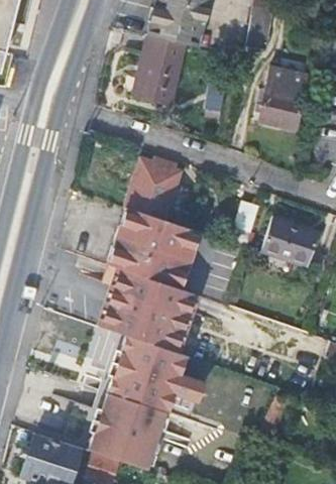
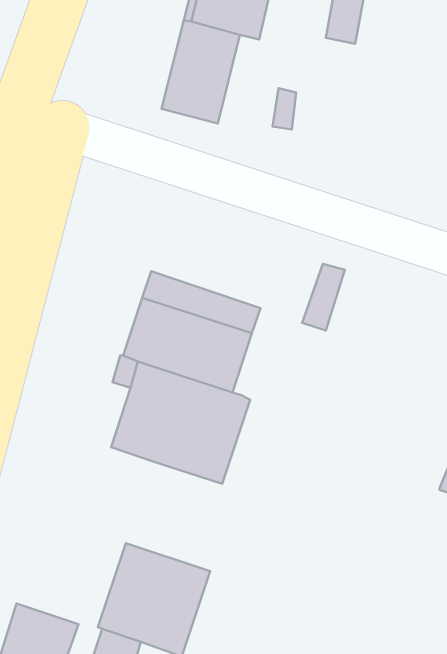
building: [258,69,307,129] -> none
building: [129,157,180,210] -> none
building: [260,217,316,266] -> none
building: [109,337,203,411] -> none

